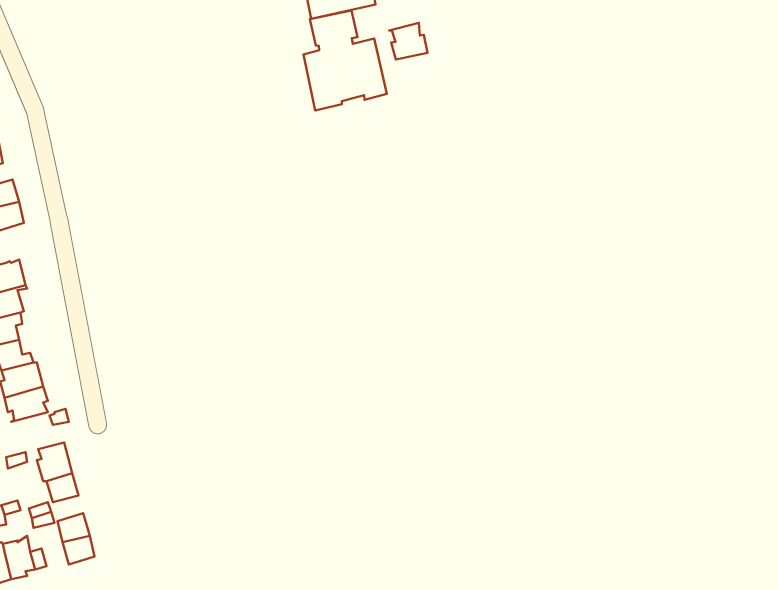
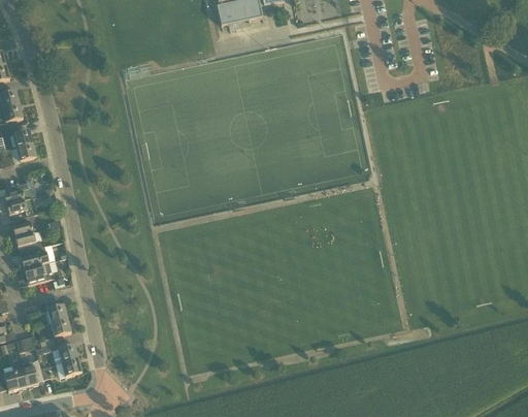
building: [304,11,387,110] -> none
building: [389,23,427,60] -> none

